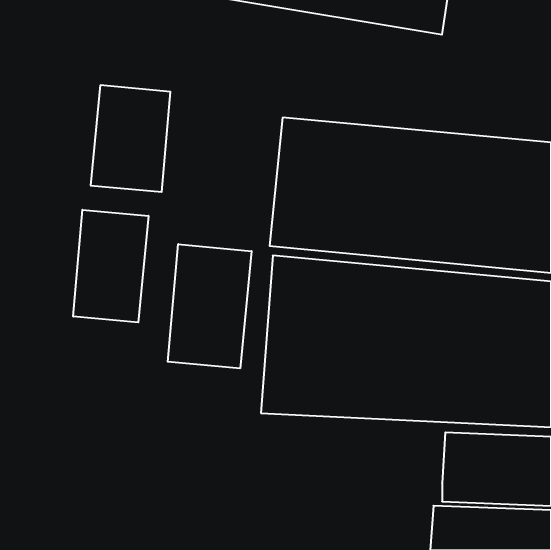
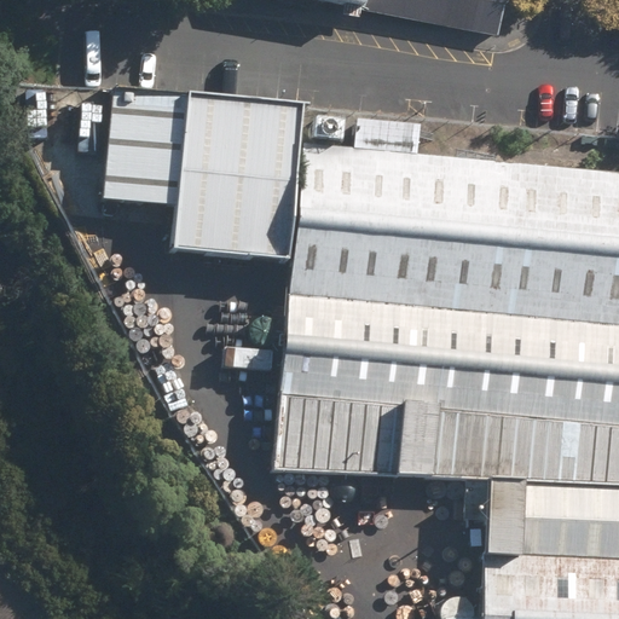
building: none -> [177,103,307,272]
building: [73,210,148,322] -> none
building: [168,244,252,368] -> none

